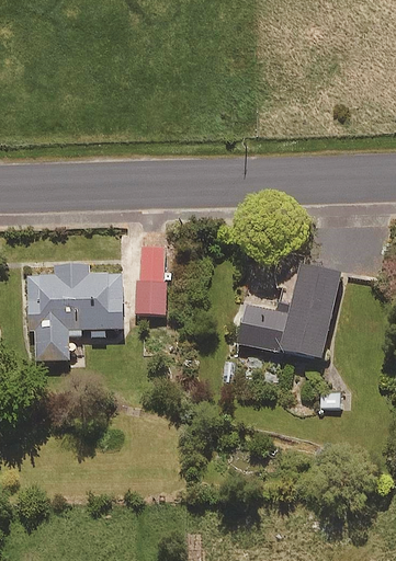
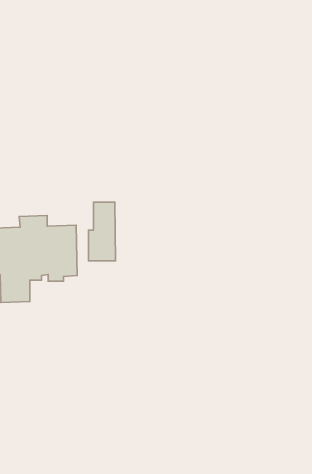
building: [235,265,338,360] -> none

